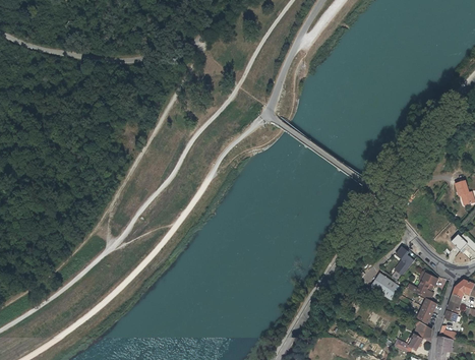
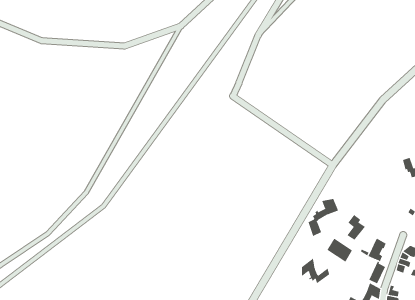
building: none -> [308,198,339,237]
building: none -> [302,257,330,284]

